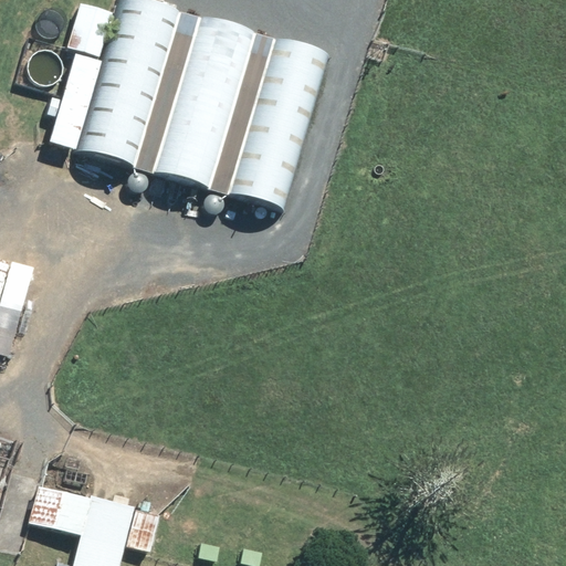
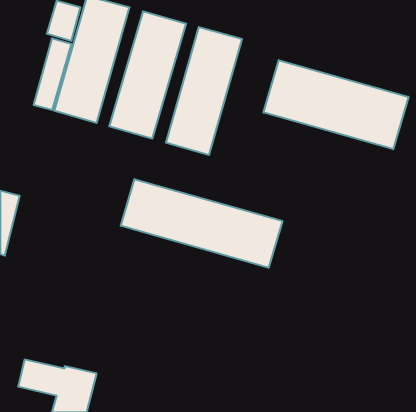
building: none -> [263,60,408,149]
building: none -> [121,179,282,268]

